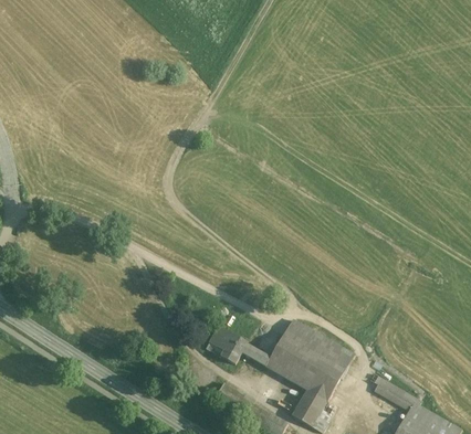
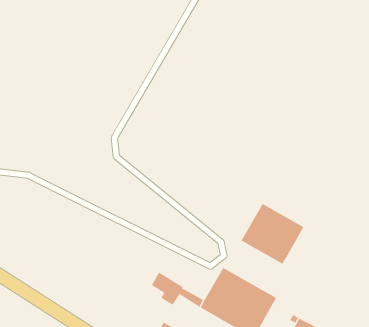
building: none -> [240,203,304,264]

